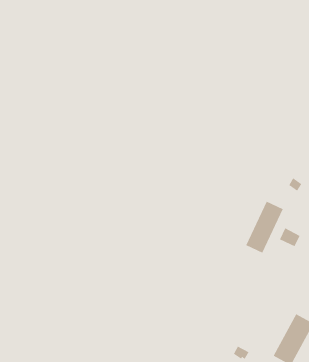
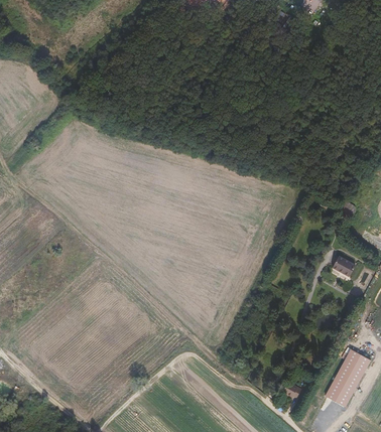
building: [245,201,283,253] -> none

